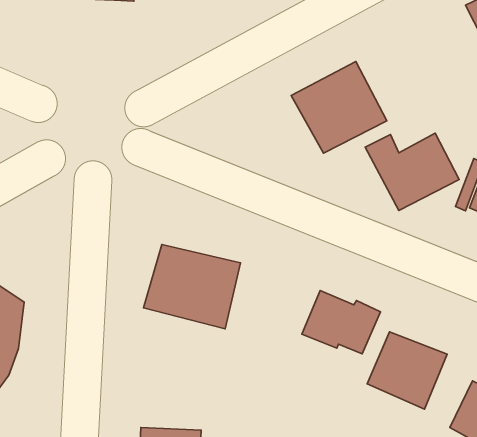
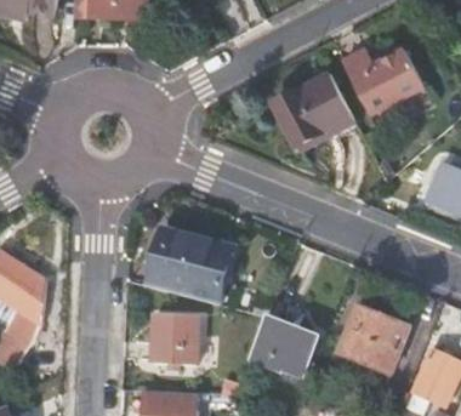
building: [365,133,459,210] -> [345,46,426,113]
building: [302,291,381,354] -> [249,318,317,372]
building: none -> [150,310,199,364]

